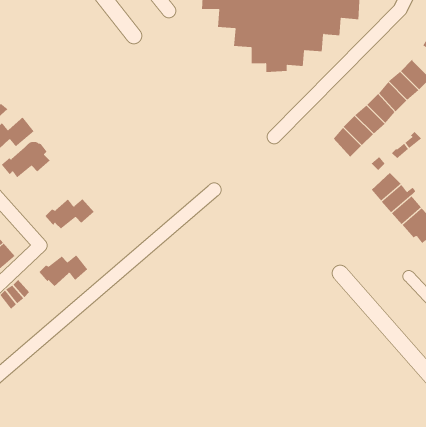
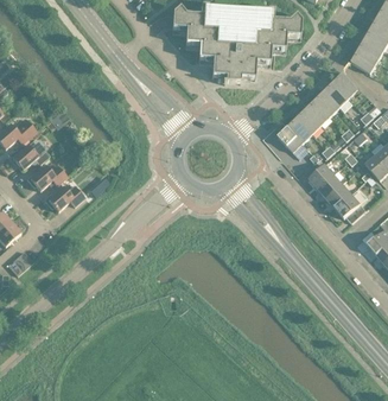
building: [38,254,88,287] -> [26,164,66,190]

